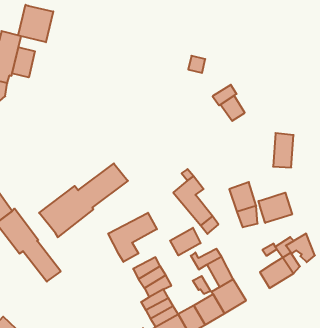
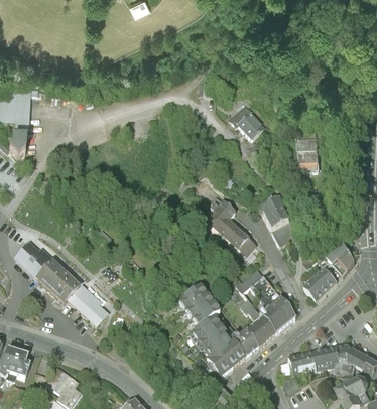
building: [18,5,53,42] -> none
building: [12,47,35,77] -> none
building: [39,163,128,237] -> none
building: [258,193,292,223] -> none
building: [108,213,157,262] -> none
building: [170,228,201,255] -> none

